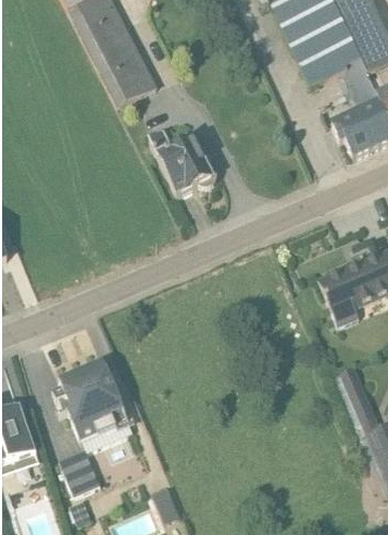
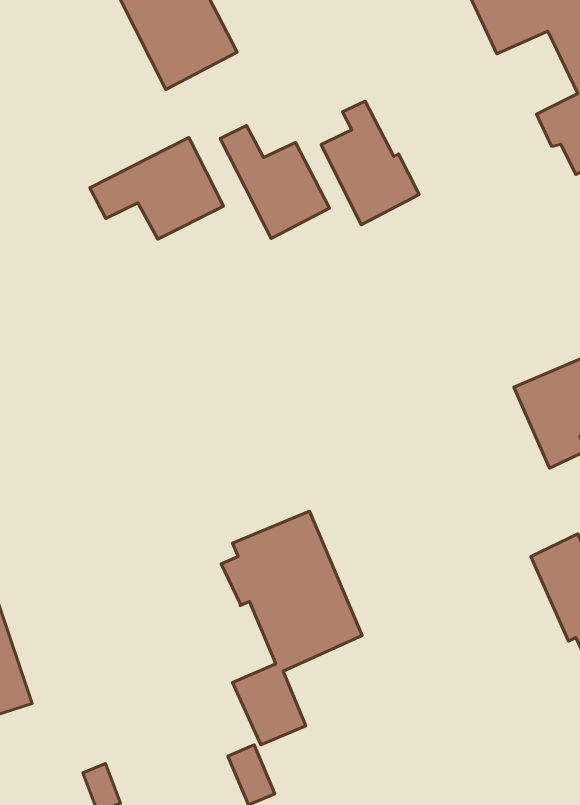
building: none -> [321,101,419,225]
building: none -> [90,137,223,239]
building: [52,359,134,494] -> [221,511,362,745]

